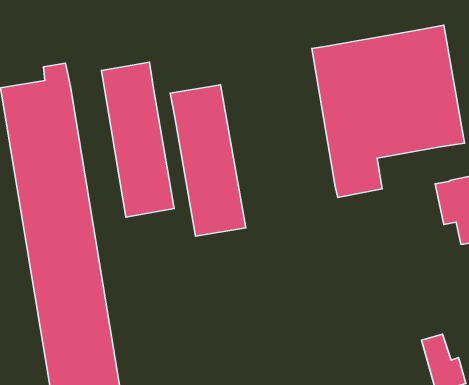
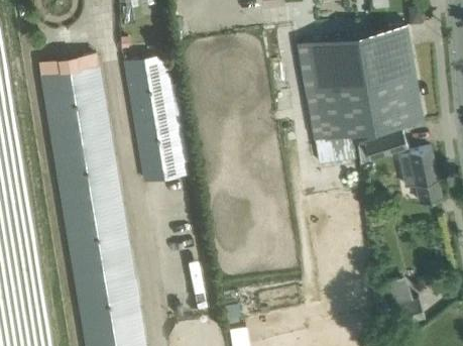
building: [170,85,246,236] -> none
building: none -> [360,134,408,165]

